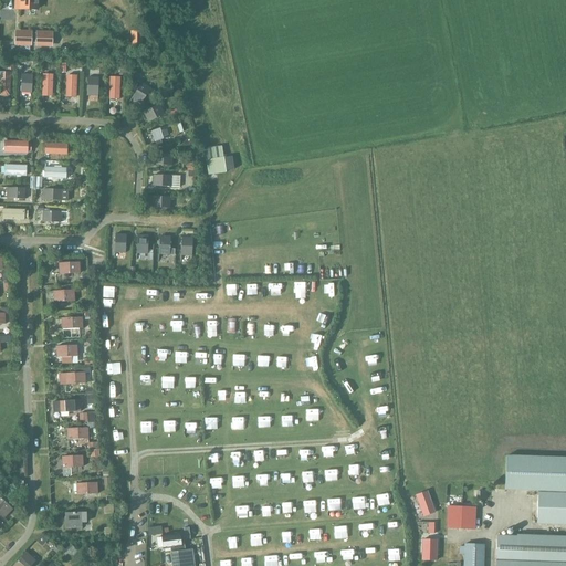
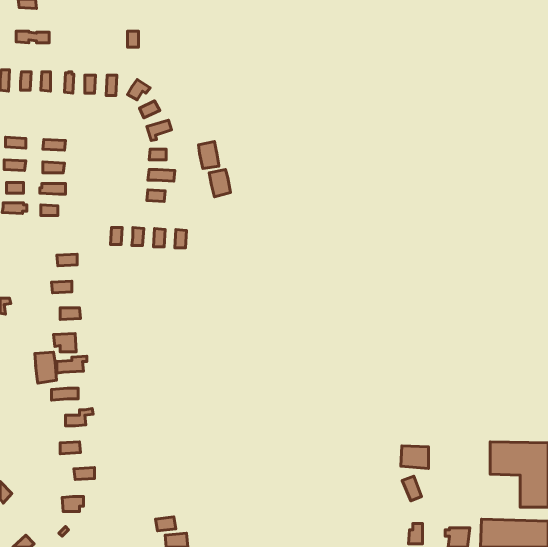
building: none -> [209,170,231,197]
building: none -> [35,352,56,383]
building: [447,506,475,530] -> [401,446,429,468]

